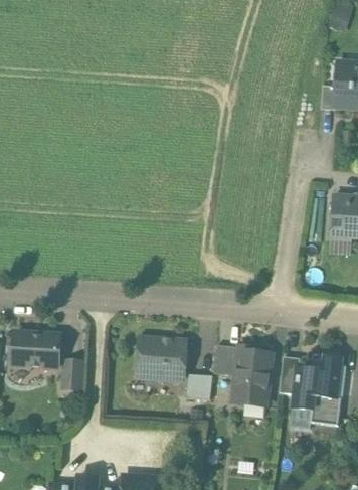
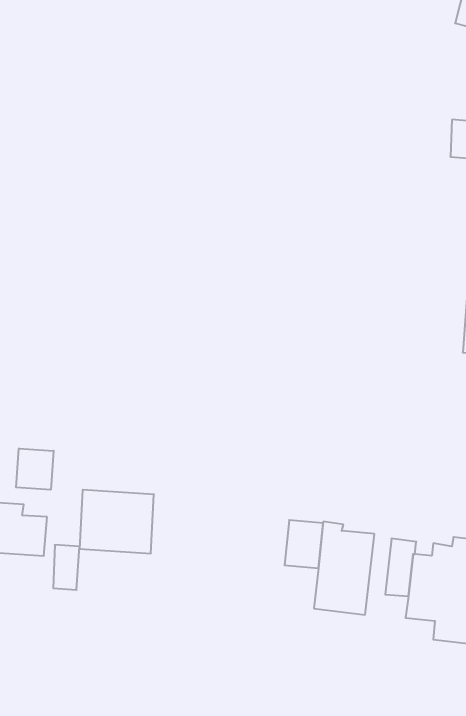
building: none -> [16,448,54,490]
building: [138,338,186,379] -> [79,490,154,553]
building: [186,372,213,398] -> none

